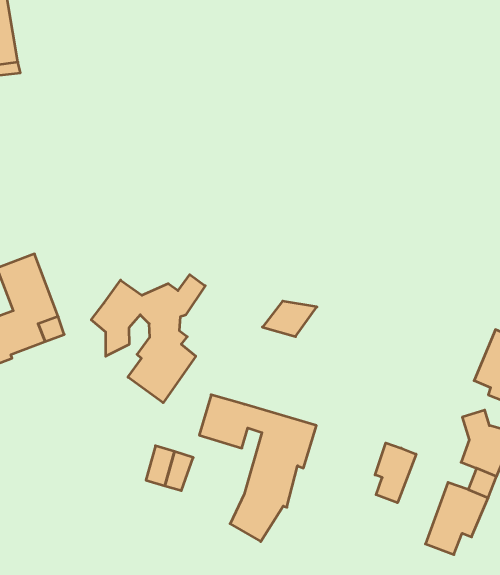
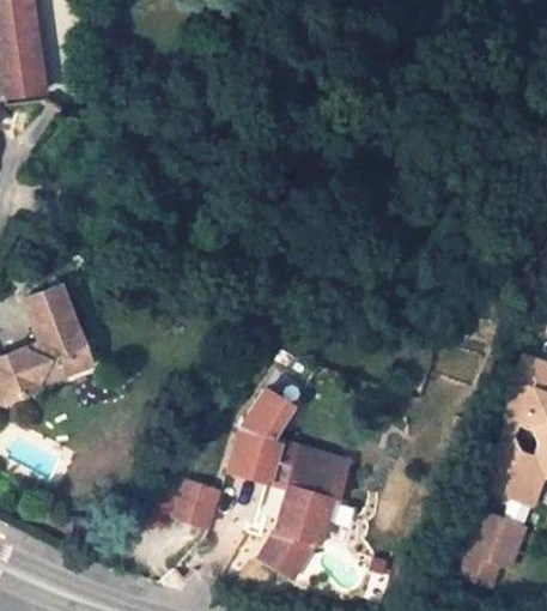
building: [91,275,205,403] -> none
building: [262,301,317,337] -> [241,400,296,436]
building: [375,443,416,503] -> none

